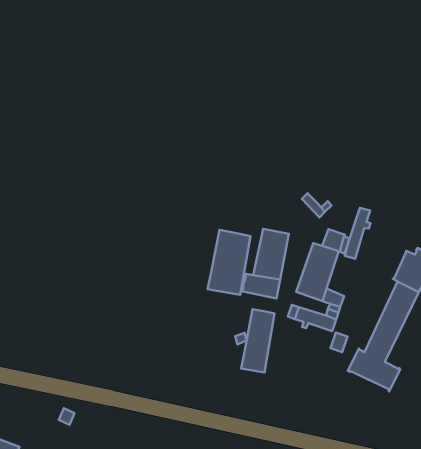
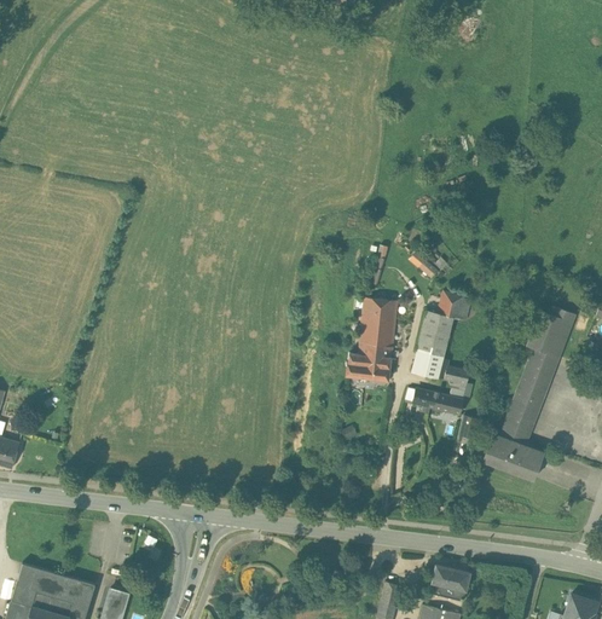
building: [345,208,370,259] -> none
building: [208,230,251,295] -> none
building: [241,309,275,372] -> none

